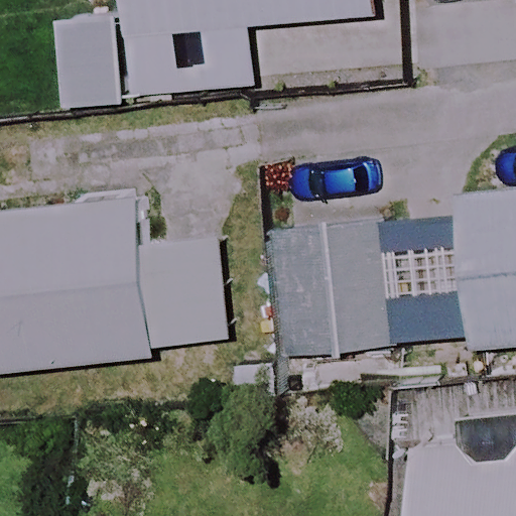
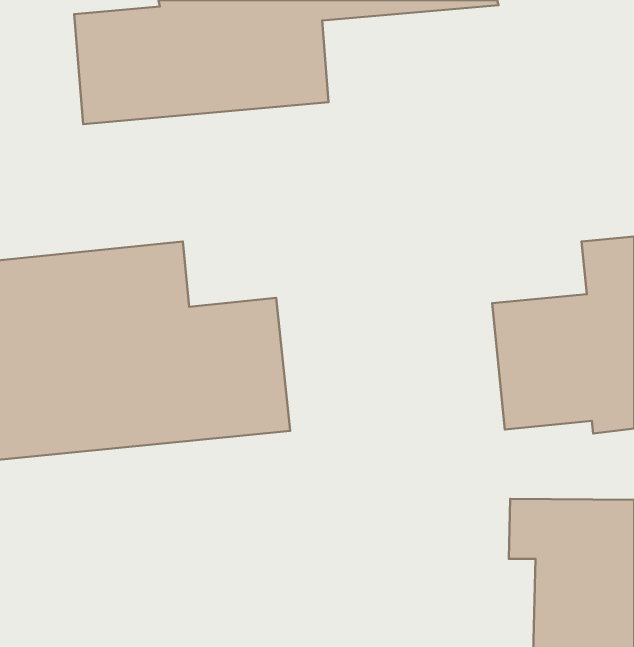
building: [272,224,398,354] -> none

